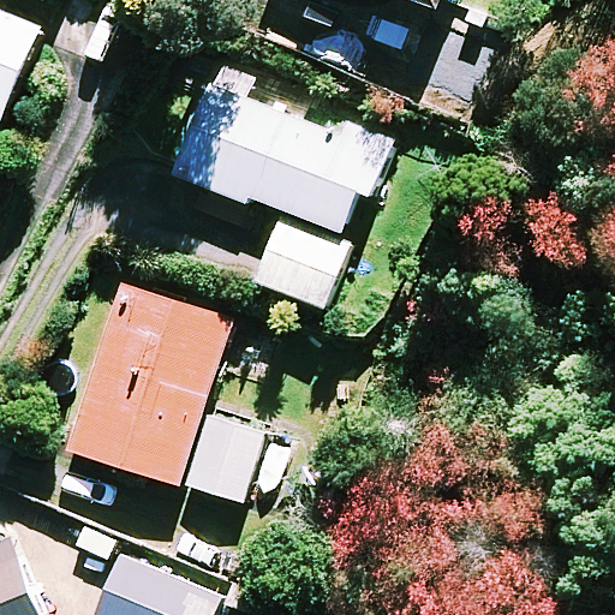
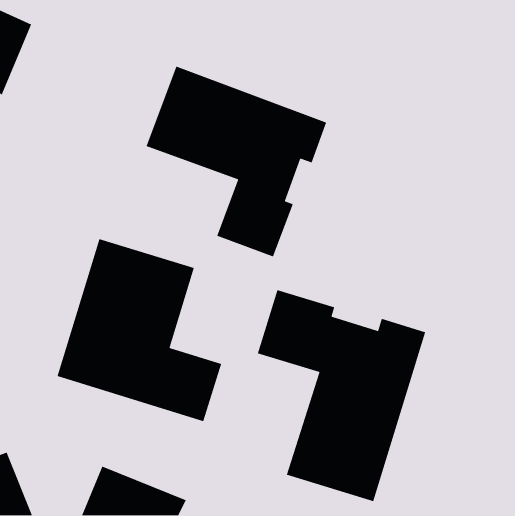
building: none -> [257,289,426,502]

